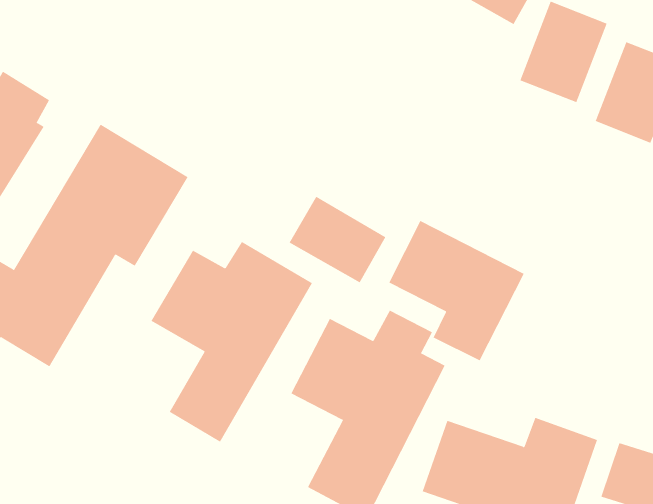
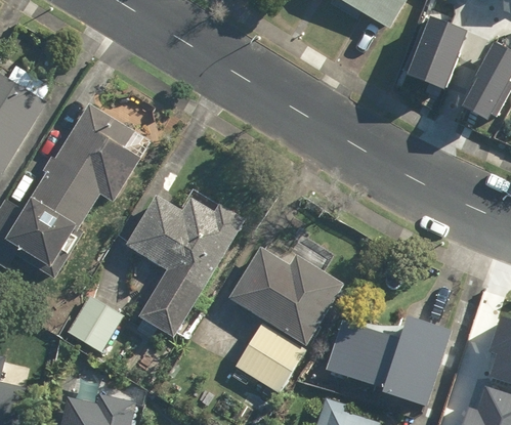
building: [289,196,386,283] -> none
building: [389,220,524,361] -> none
building: none -> [66,294,123,352]

